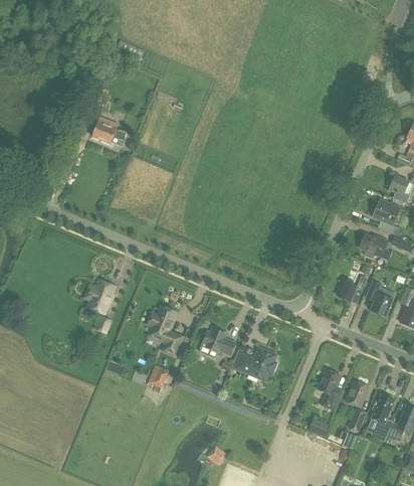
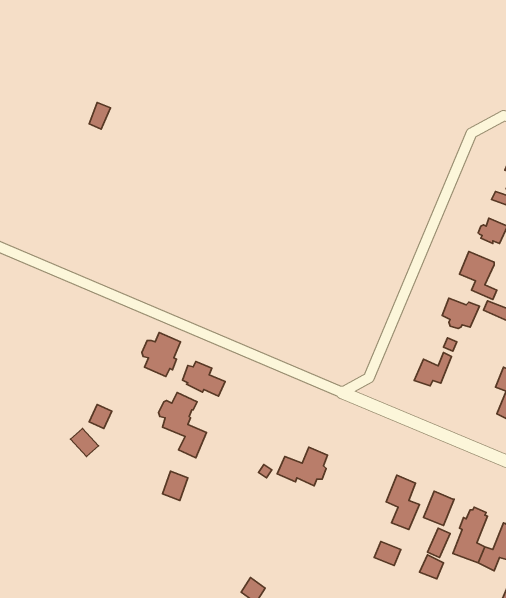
building: [92,118,127,146] -> none
building: [84,280,114,313] -> [142,333,181,377]
building: [368,281,393,316] -> none
building: [202,328,234,354] -> [183,362,225,396]

